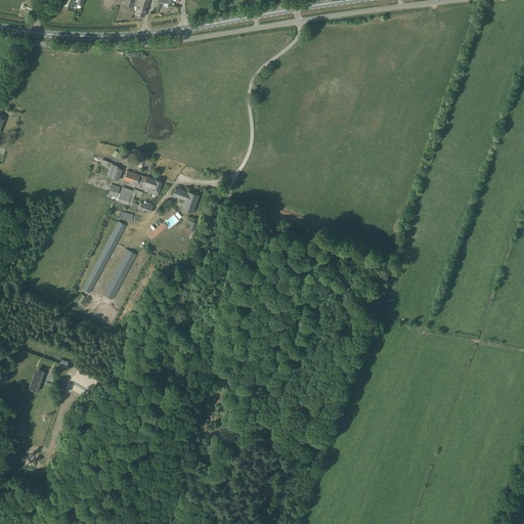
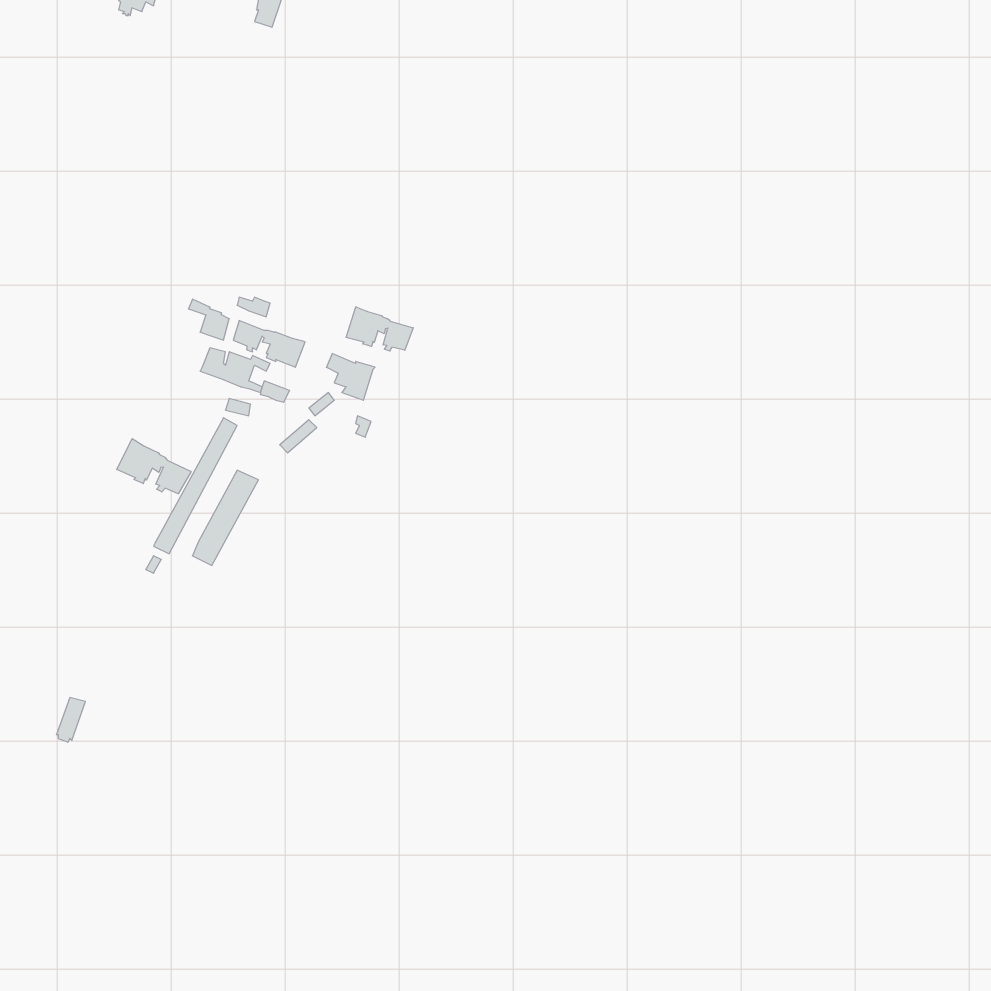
building: none -> [346,307,413,351]
building: none -> [117,439,191,494]

